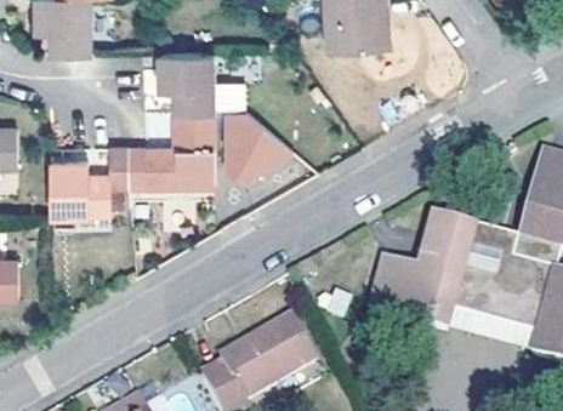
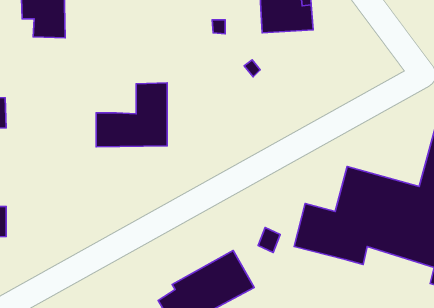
building: [159,51,244,110] -> none
building: [221,113,285,175] -> none
building: [49,145,126,212] -> none

